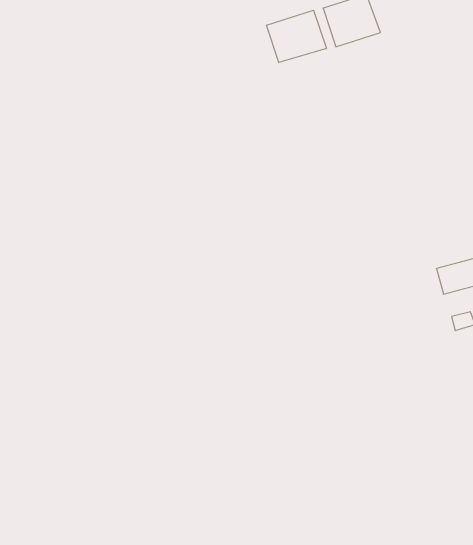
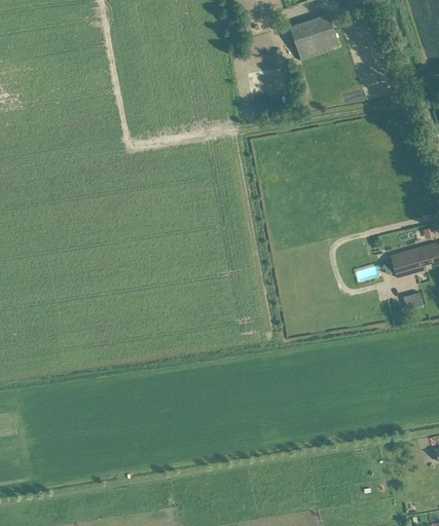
building: [267,10,326,63] -> none

